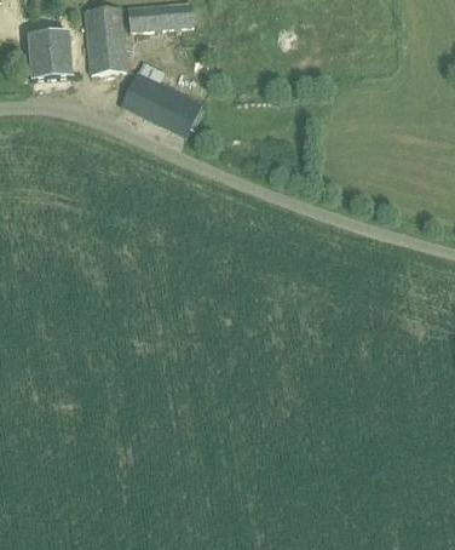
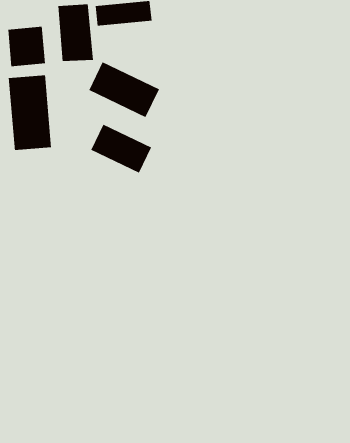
building: none -> [8,74,52,151]
building: none -> [90,124,152,173]

